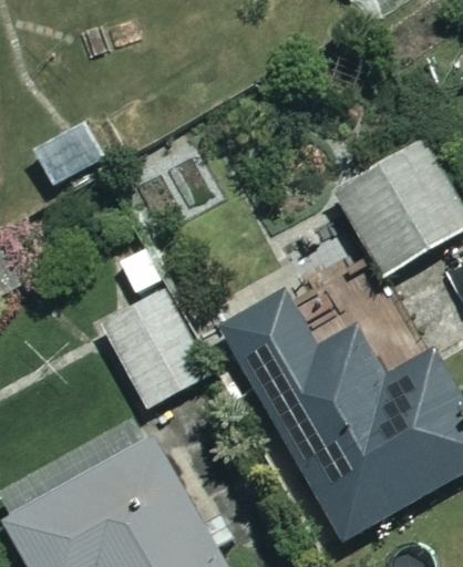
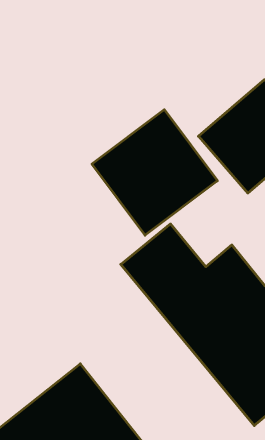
building: none -> [92,110,217,235]
building: [103,247,215,406] -> none

